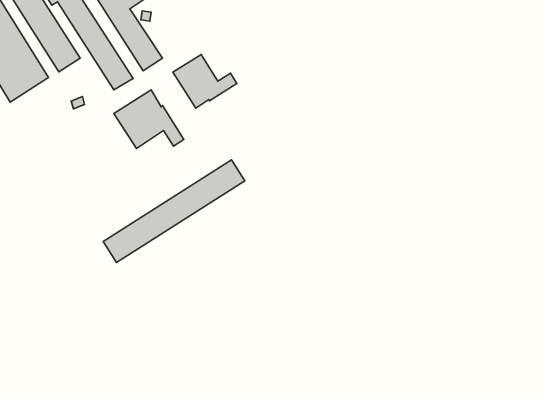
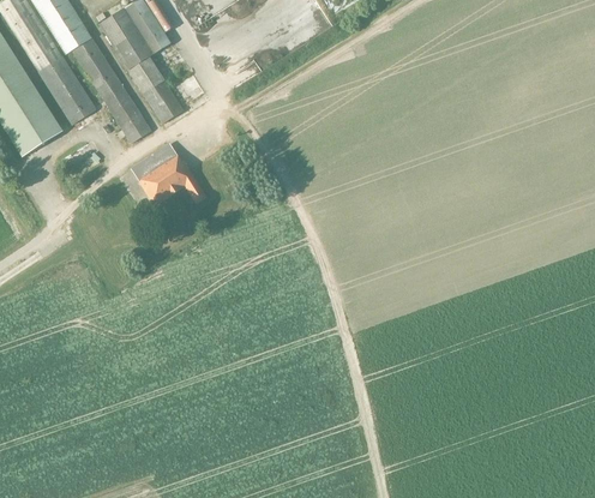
building: [173,54,237,108] -> none
building: [103,160,245,262] -> none

